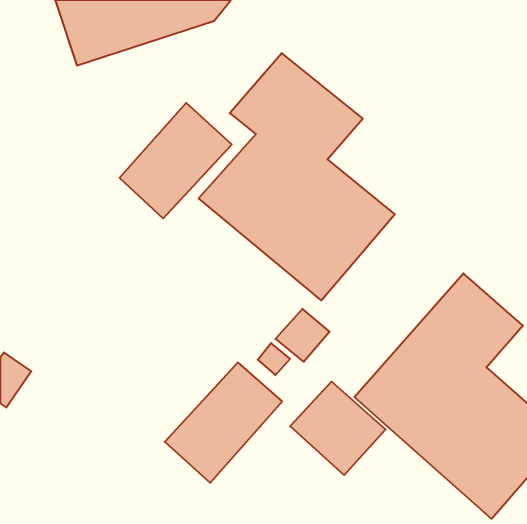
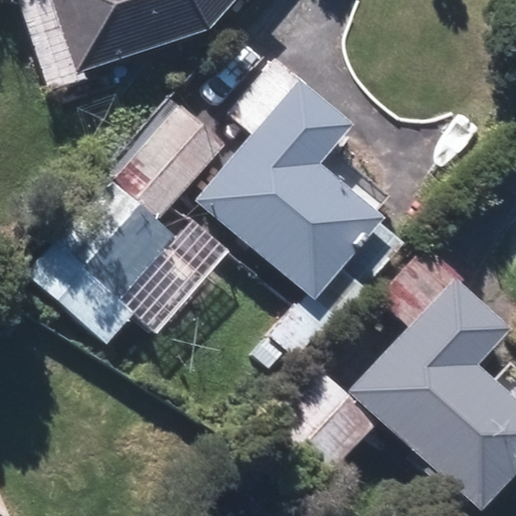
building: none -> [24,179,176,349]
building: [165,362,282,483] -> none

